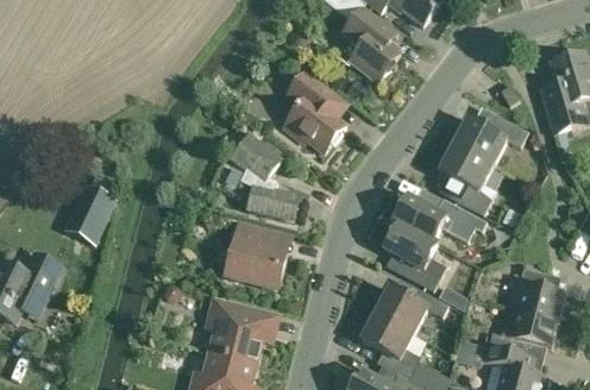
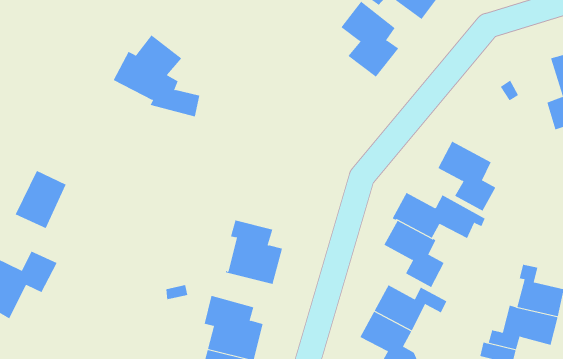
building: [282,70,345,151] -> none
building: [452,115,527,165] -> none
building: [211,137,297,219] -> [113,35,200,117]
building: [65,183,117,241] -> [15,170,66,229]

